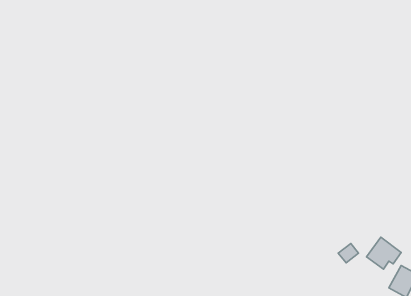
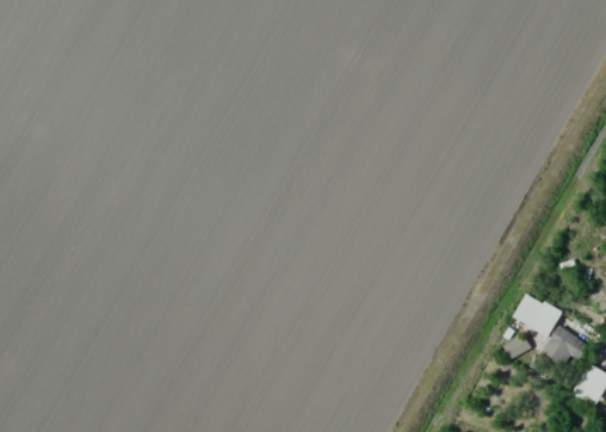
building: none -> [512,292,562,338]

